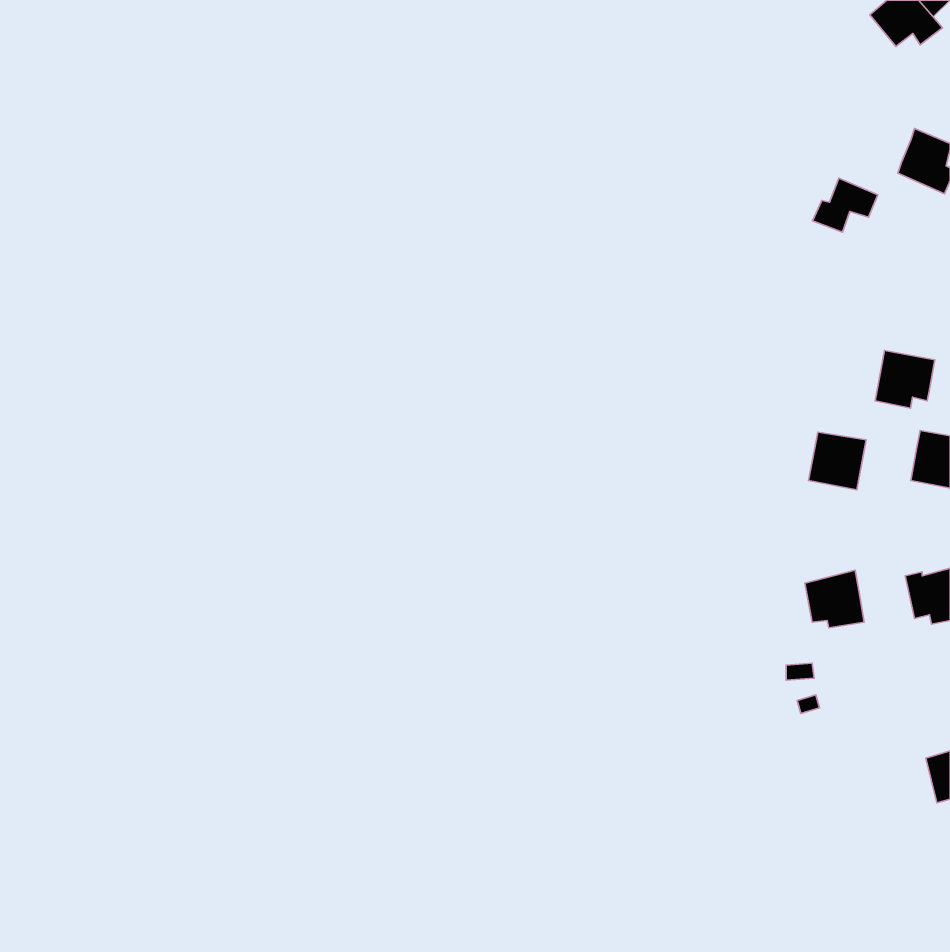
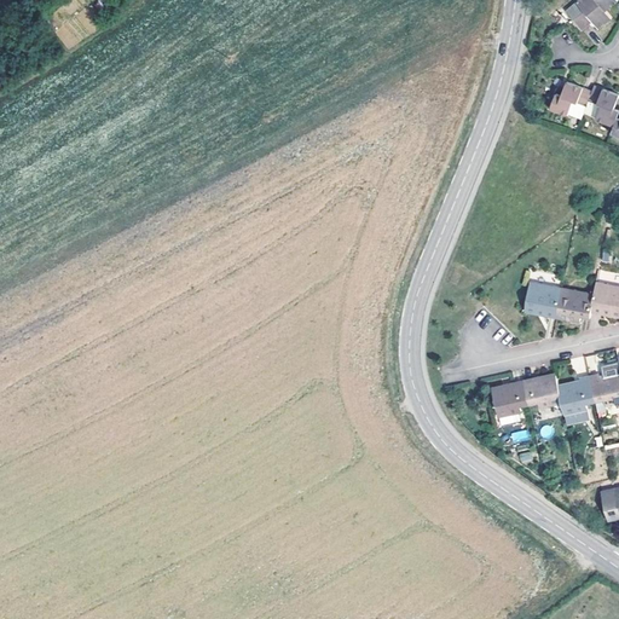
building: [813,178,878,232] -> [549,80,591,115]
building: [875,350,935,408] -> [556,285,595,323]
building: none -> [557,374,594,415]
building: none -> [491,378,527,417]

